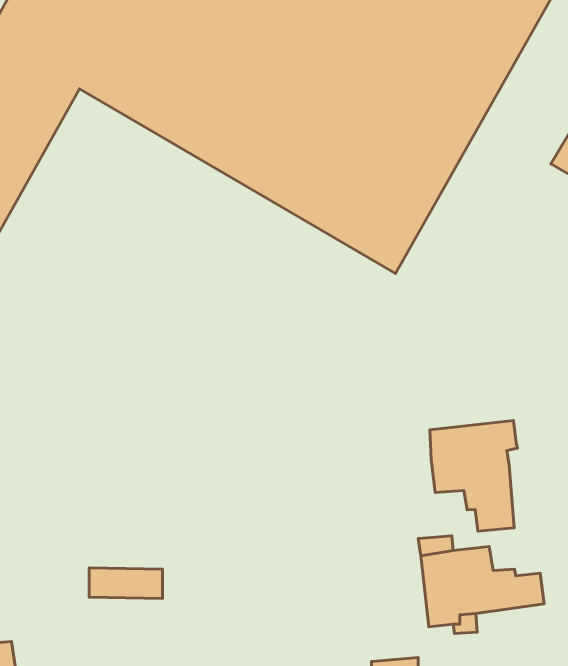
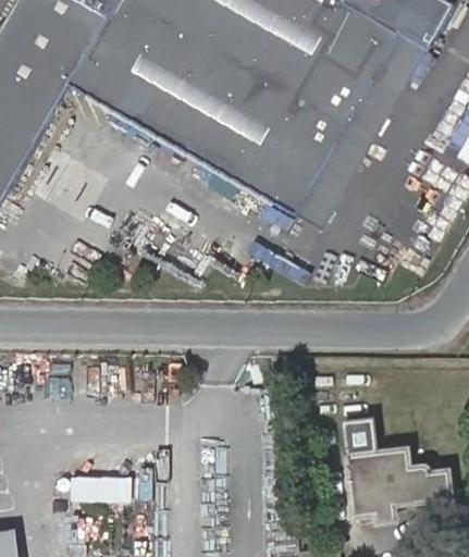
building: [430,420,518,531] -> none

